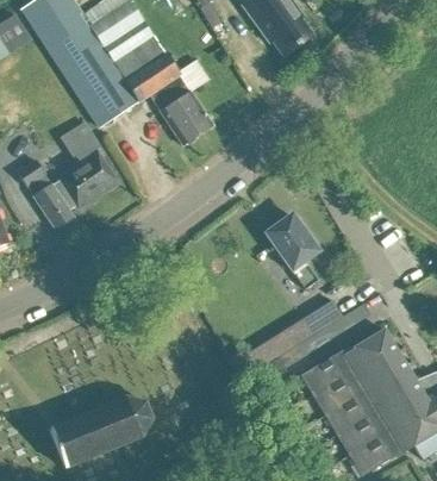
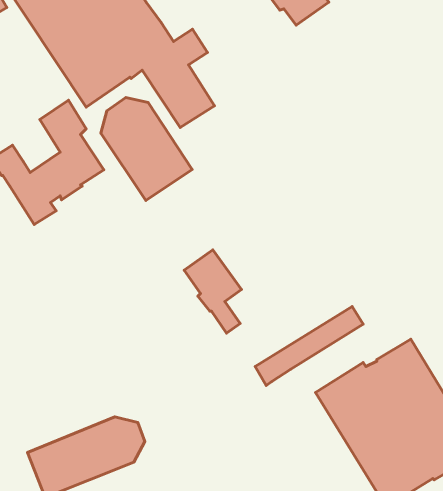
building: none -> [101,97,192,201]
building: [267,213,317,286] -> [184,250,241,333]

